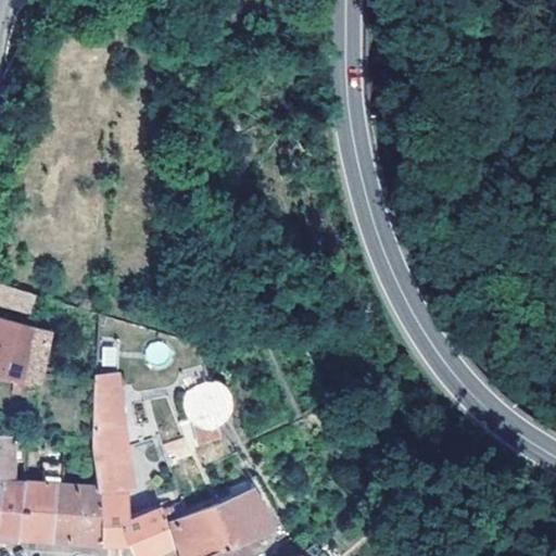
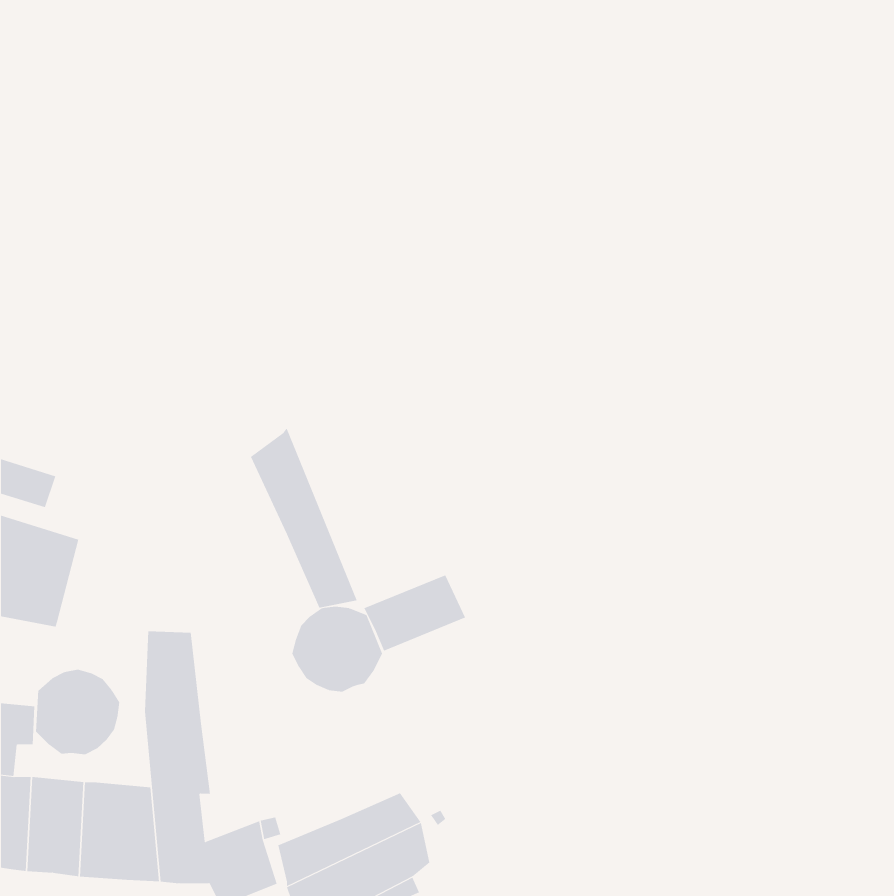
building: none -> [250,428,357,608]
building: none -> [364,574,466,651]
building: none -> [35,669,120,755]

